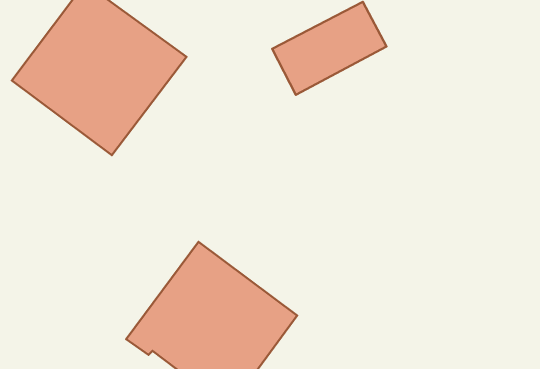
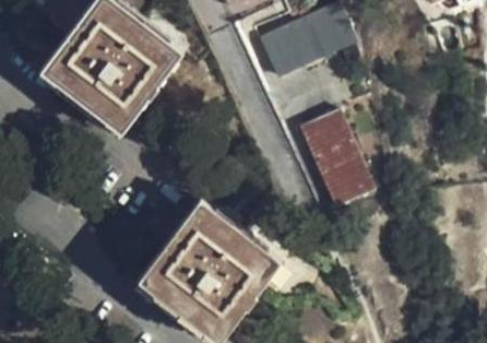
building: none -> [301,111,376,205]

